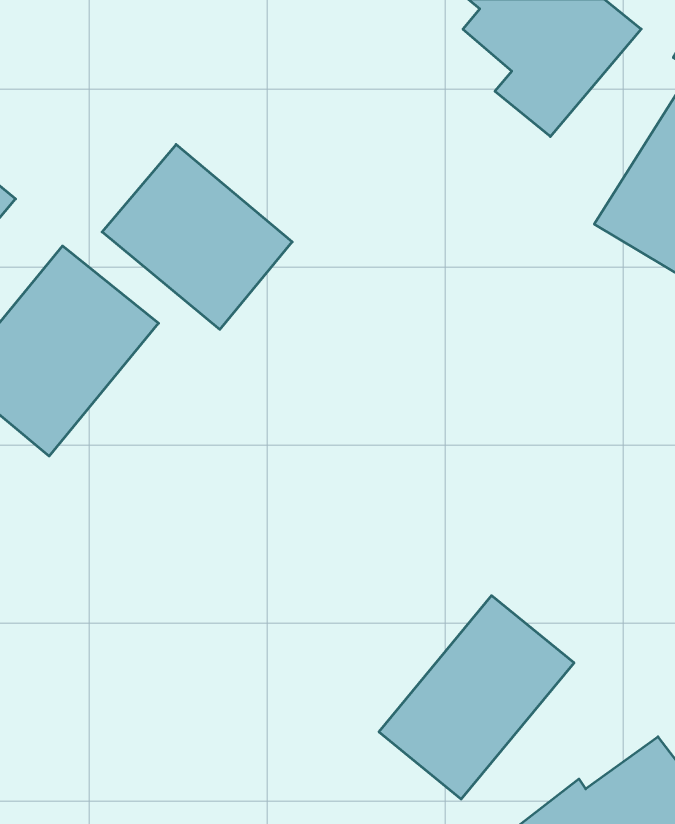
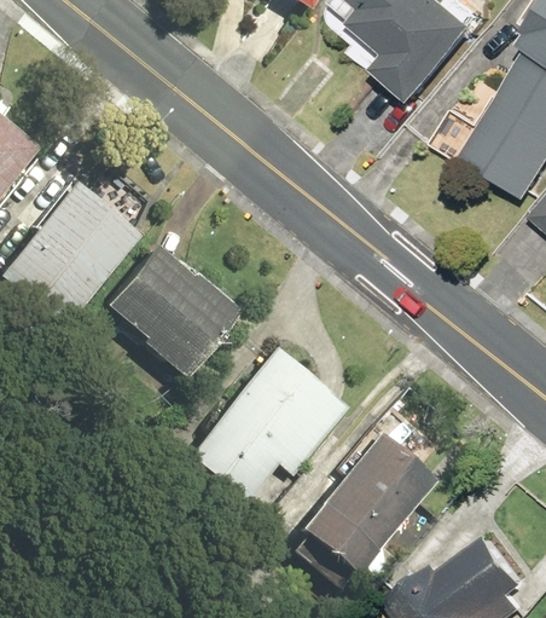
building: [102,144,292,329] -> [104,239,240,372]
building: none -> [185,343,353,503]

